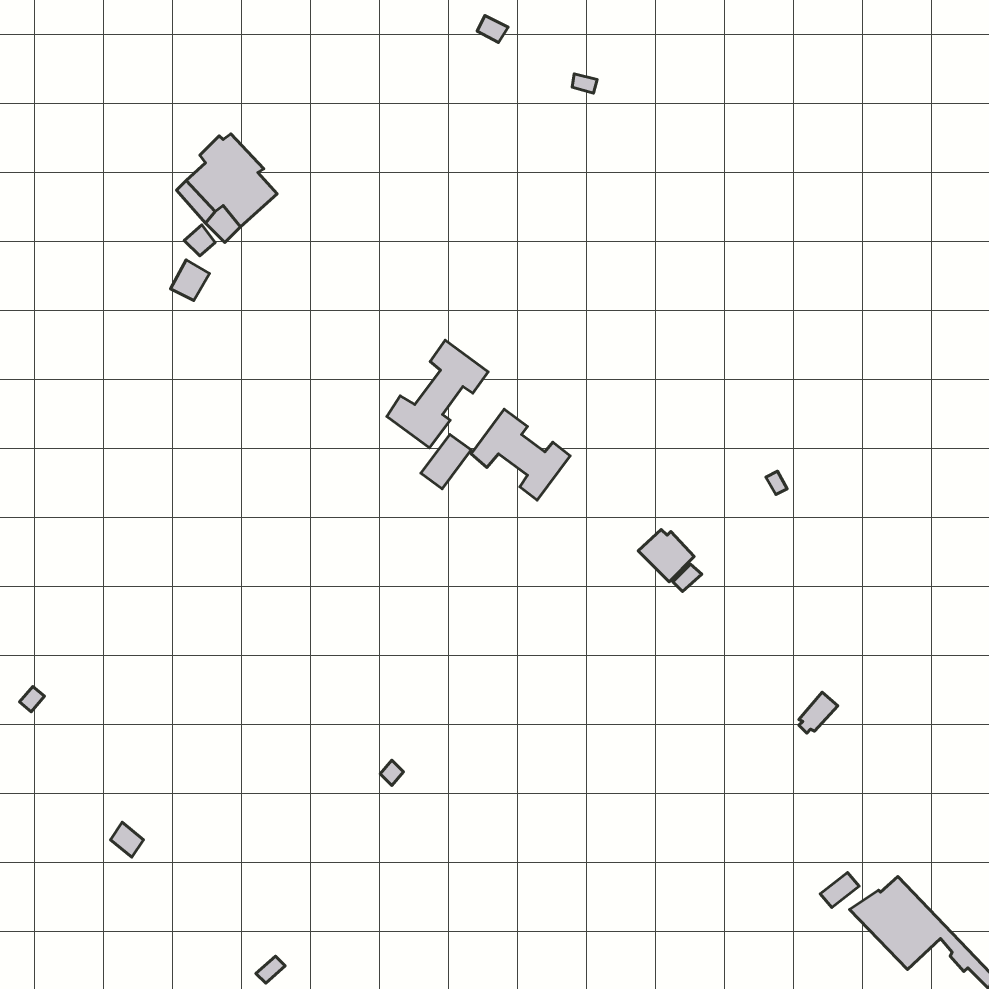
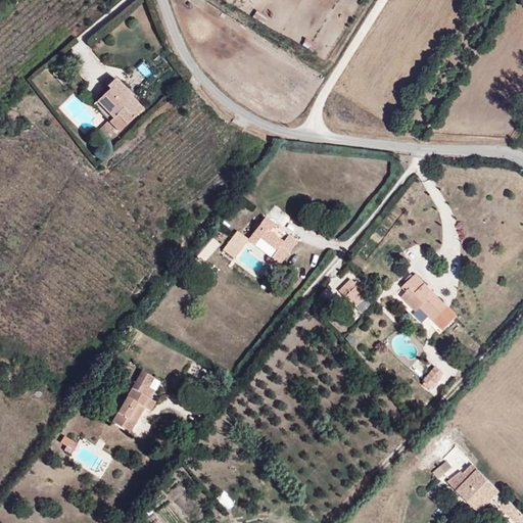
building: [387,340,488,448] -> none
building: none -> [401,276,457,331]
building: none -> [106,382,150,437]

